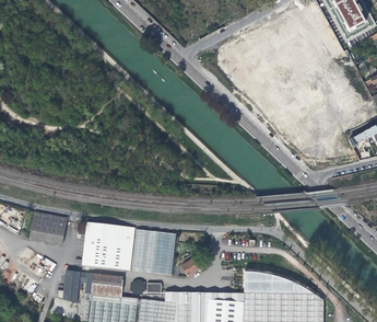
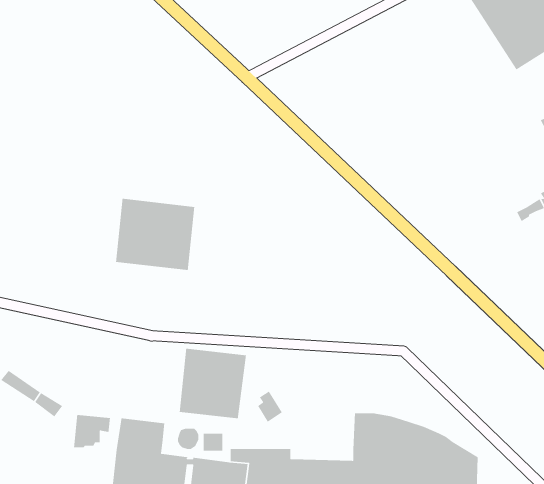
building: [31,211,68,244] -> none
building: [83,222,134,269] -> [115,198,195,271]

